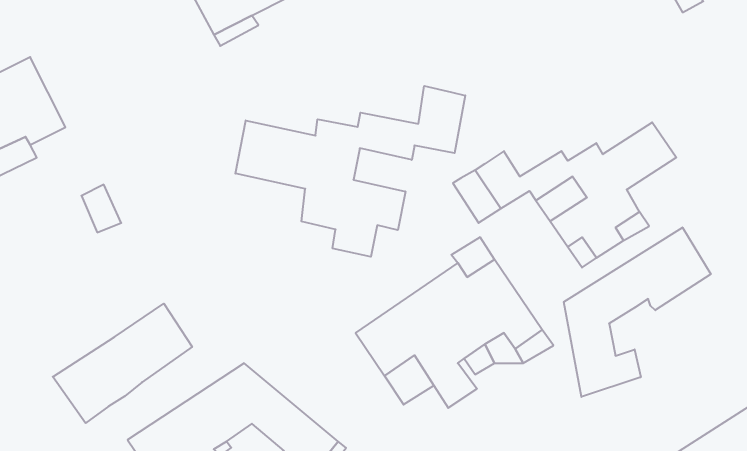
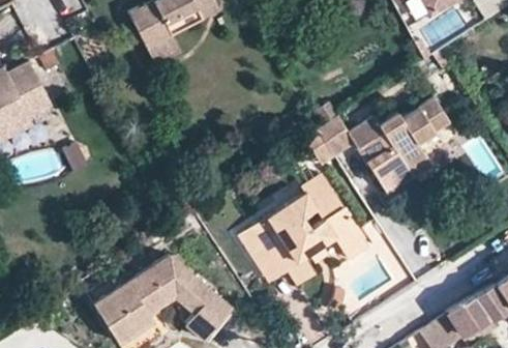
building: [235,86,465,257] -> none
building: [564,227,711,397] -> none
building: [53,304,192,423] -> none

